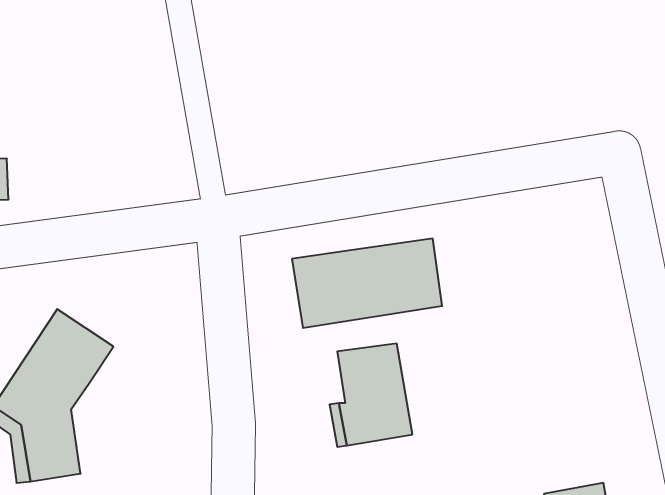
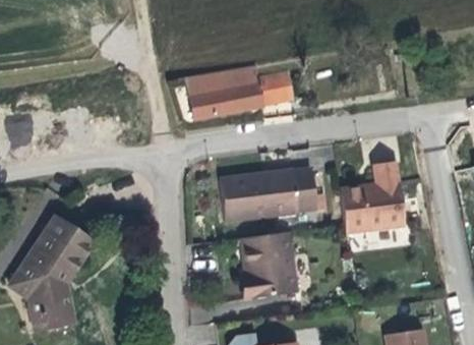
building: none -> [192,67,296,117]
building: none -> [341,169,406,238]

